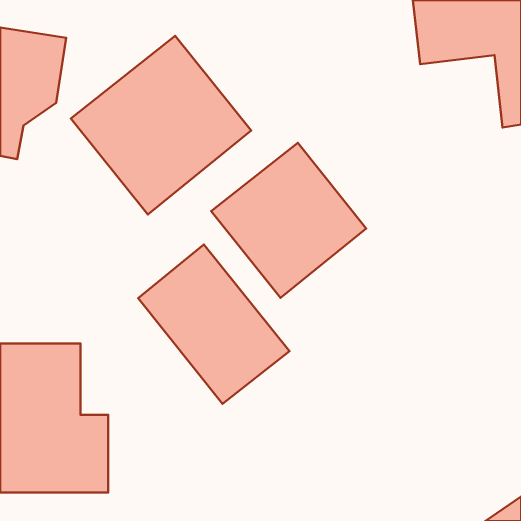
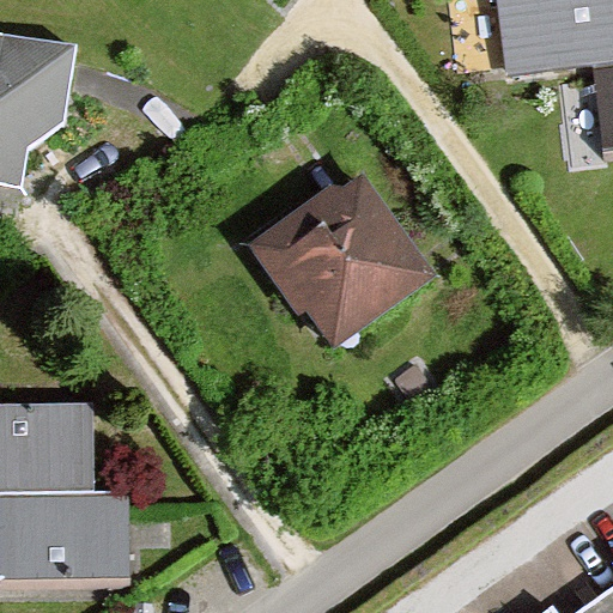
building: [71,36,251,214] -> none
building: [138,244,289,404] -> none

